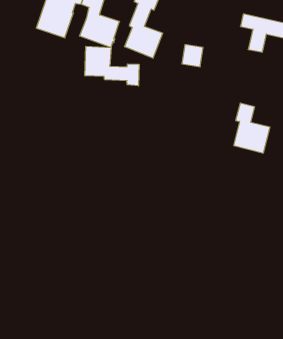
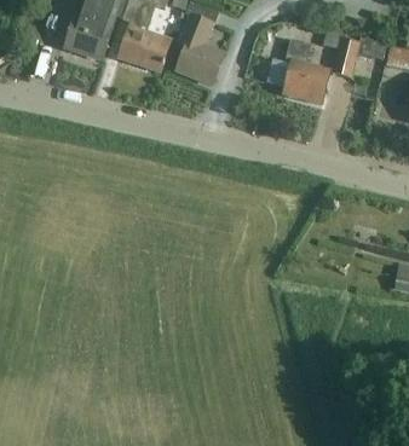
building: [85,46,139,86] -> none
building: [234,103,270,153] -> [283,39,329,102]

